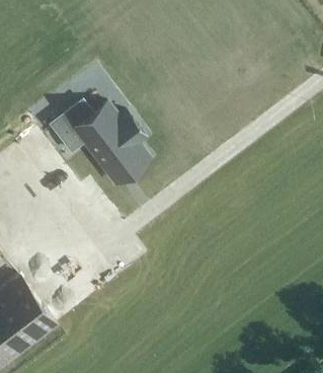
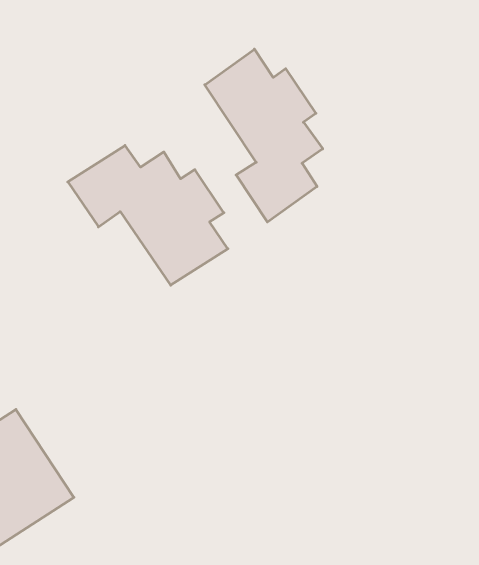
building: none -> [205,49,323,222]

